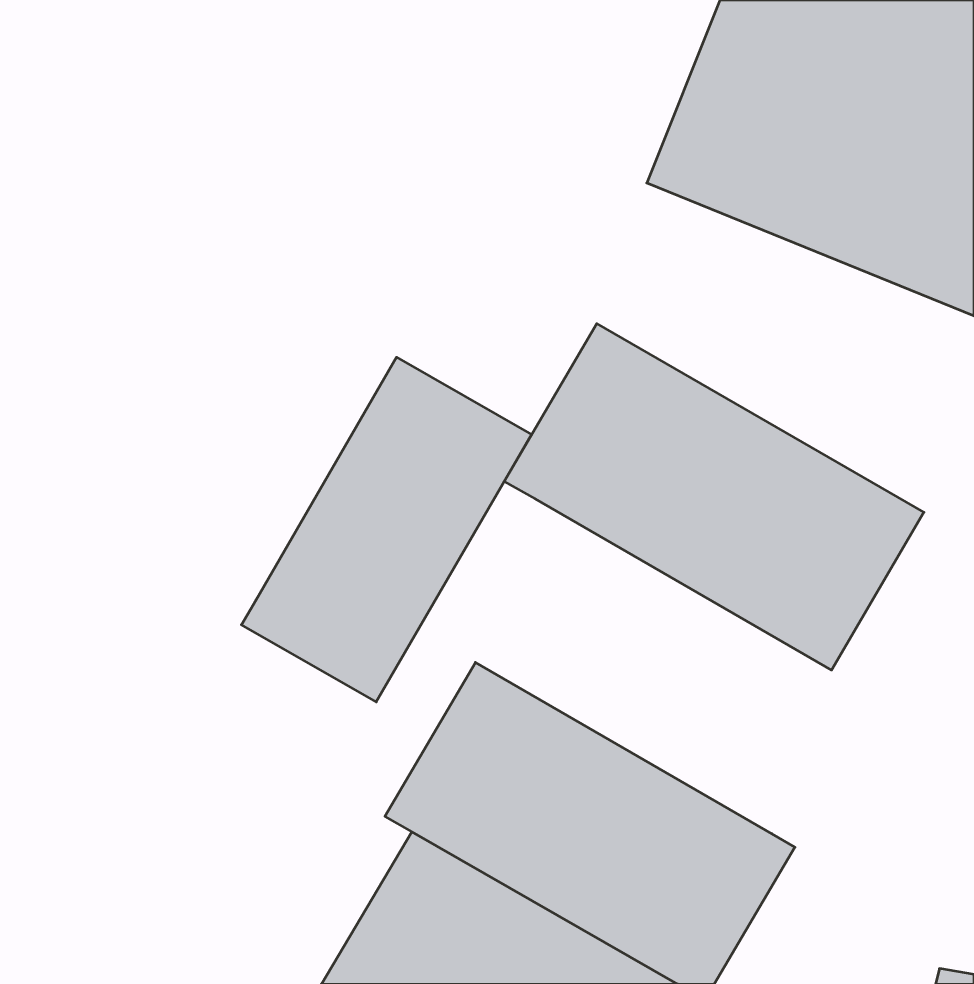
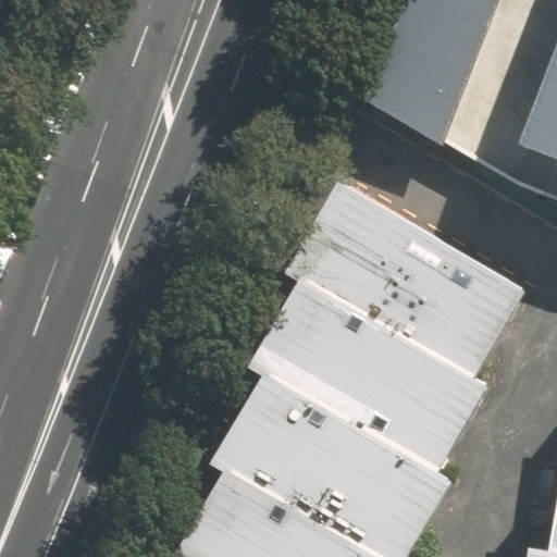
building: [241,357,532,702] -> none
building: none -> [255,282,485,471]

